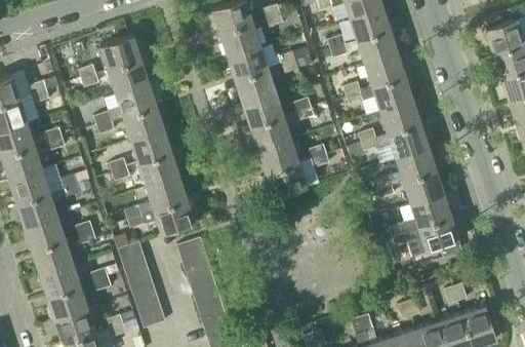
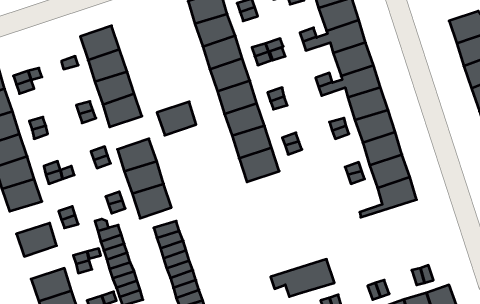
building: [130,128,171,163] -> [157,102,196,135]
building: [393,216,459,255] -> [271,259,334,297]
building: [26,218,68,252] -> none
building: [41,264,83,299] -> none

